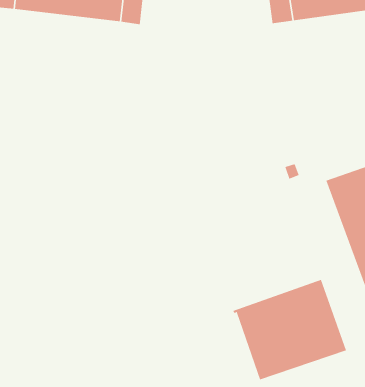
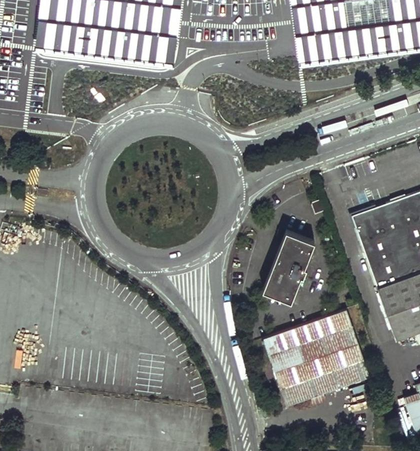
building: none -> [264,232,314,302]

